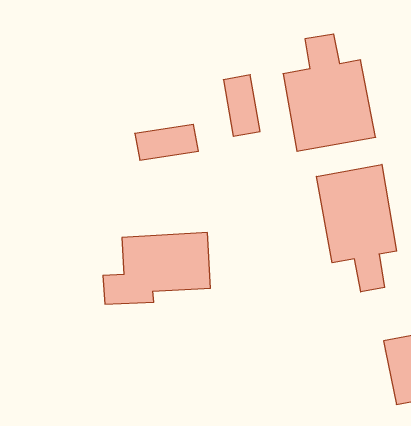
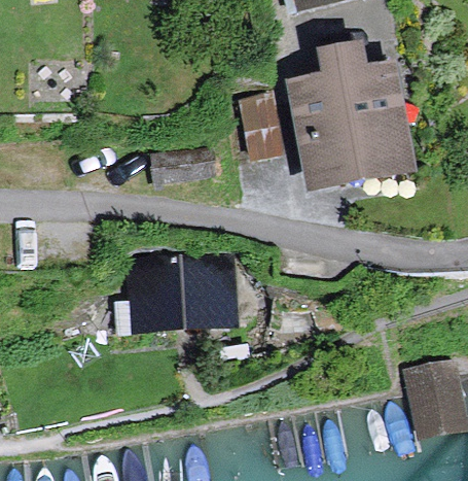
building: [316,164,397,292] -> none

